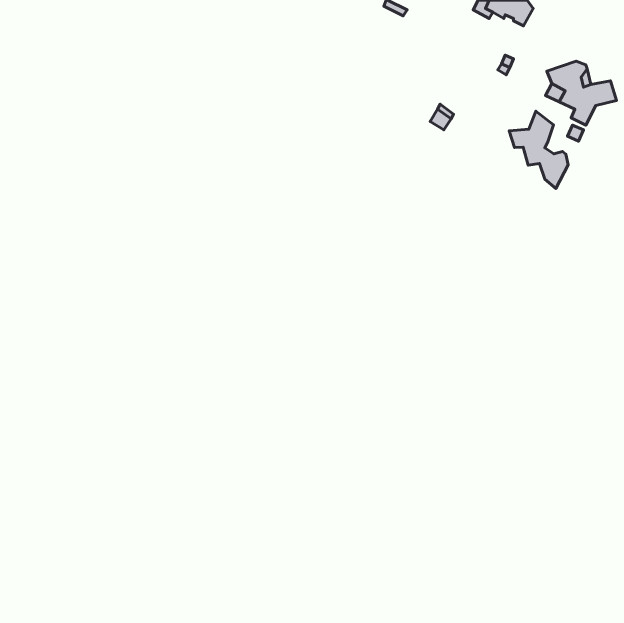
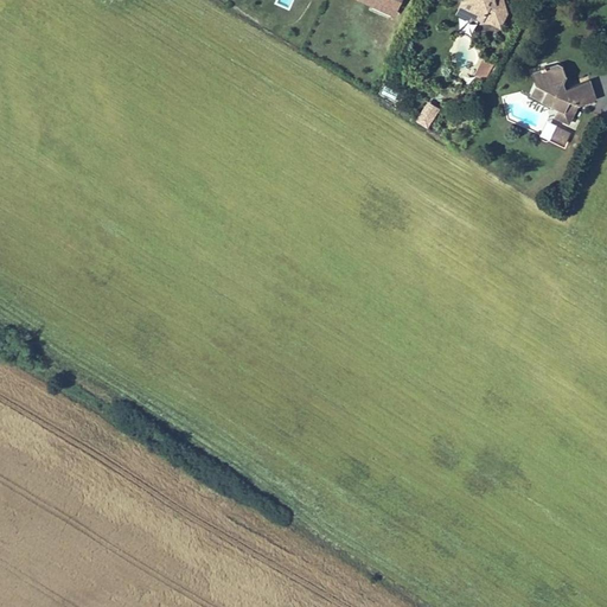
building: [509,111,568,189] -> none

